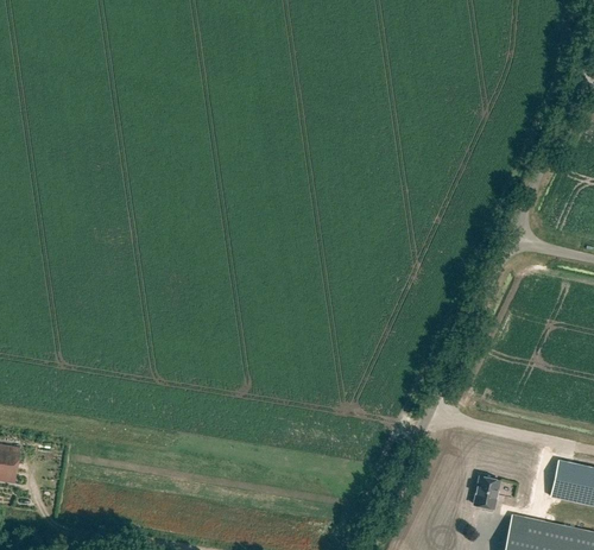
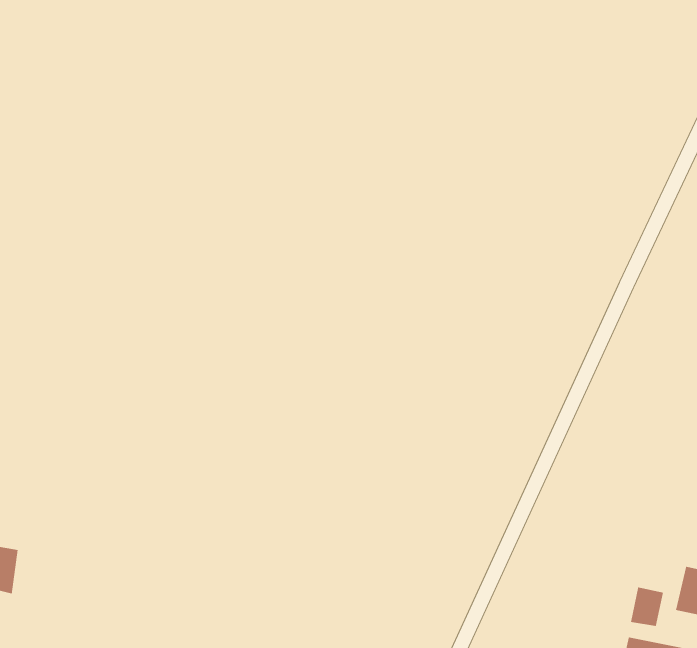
building: [473,475,500,507] -> [630,587,664,626]

